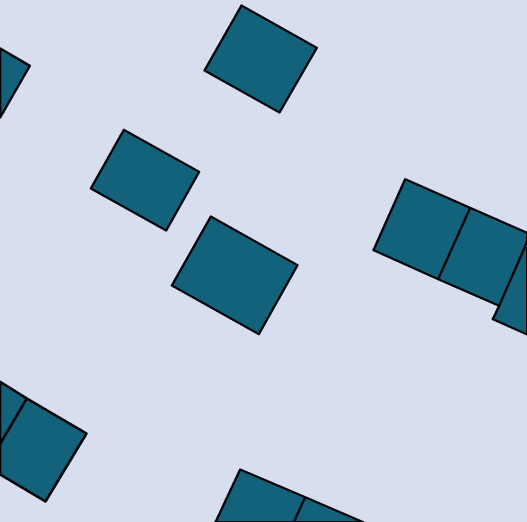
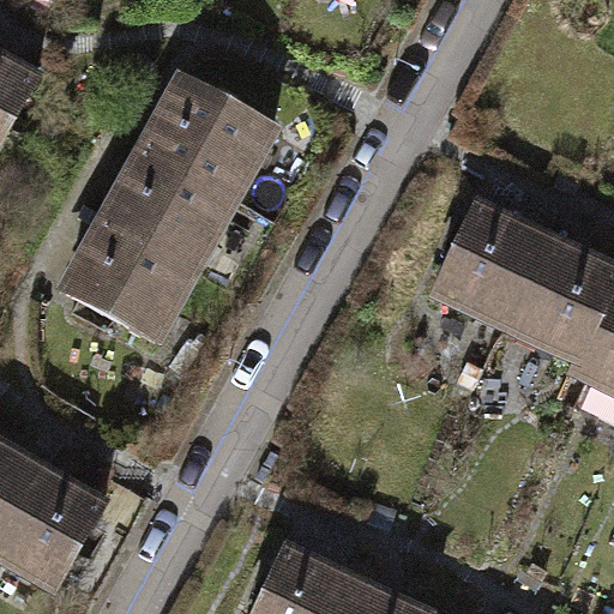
building: [204,6,317,113] -> [144,76,275,200]
building: none -> [65,219,193,341]
building: [172,216,298,334] -> none

